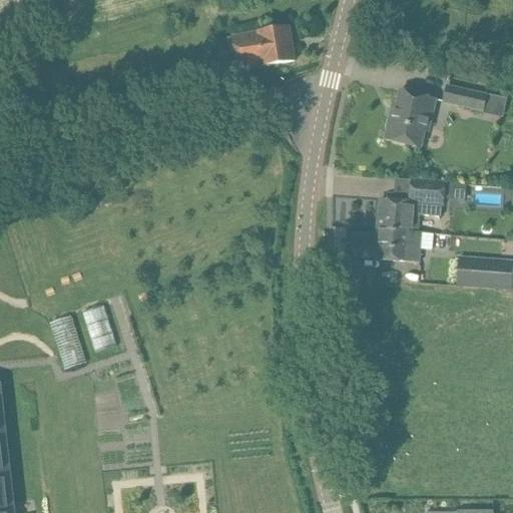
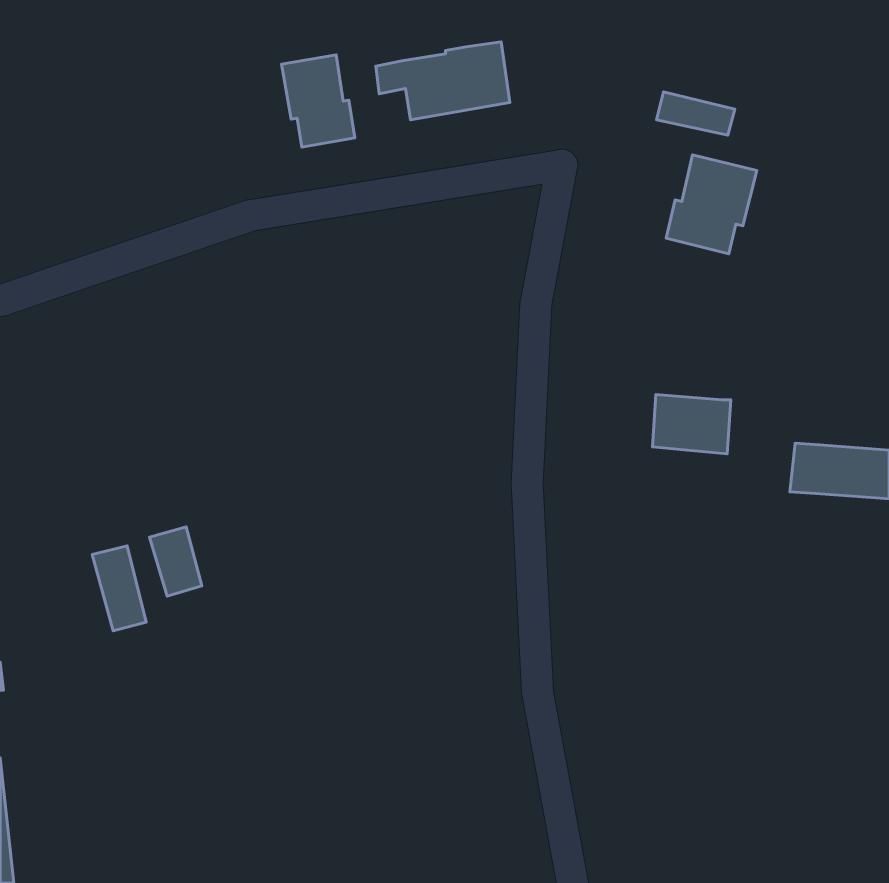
building: none -> [281,55,355,147]
building: [443,84,488,109] -> [656,92,735,135]
building: [378,176,445,230] -> none

